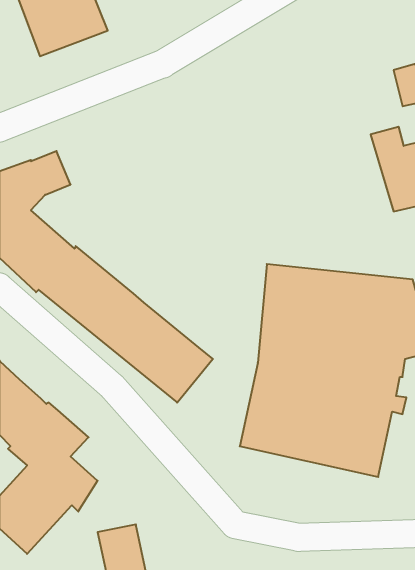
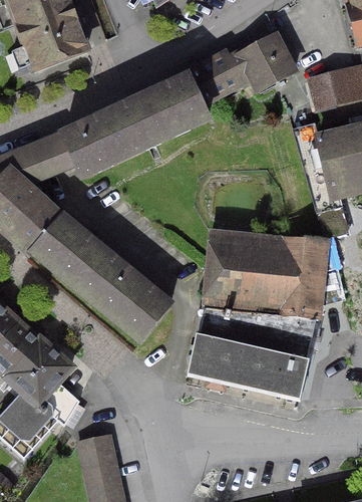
building: none -> [62,35,295,176]

